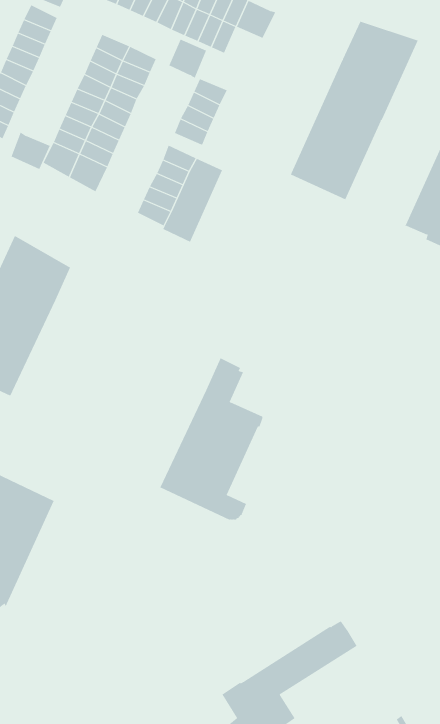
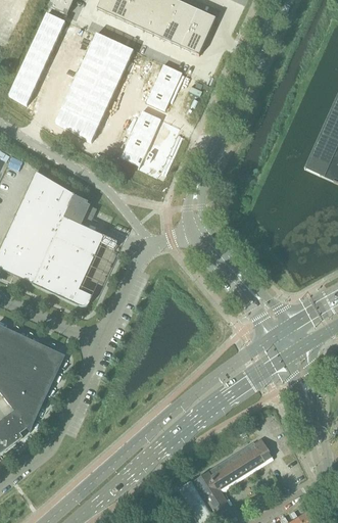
building: [290,21,419,200] -> none
building: [168,39,207,79] -> [181,27,207,54]
building: [11,131,50,170] -> none
building: [160,358,263,520] -> [33,193,104,305]

